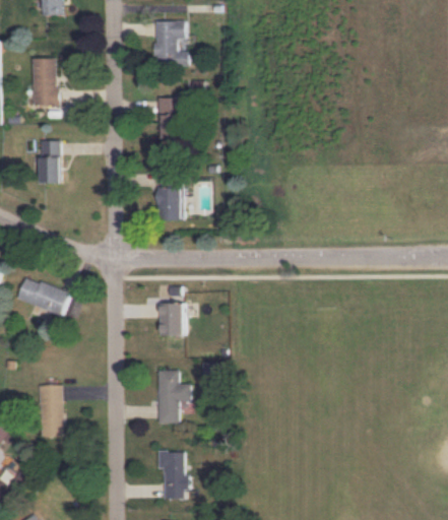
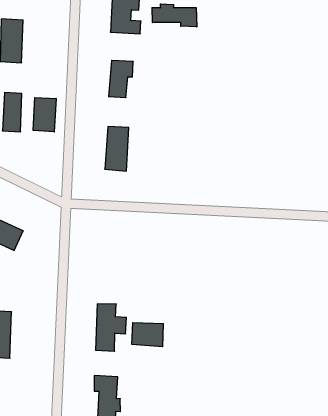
building: none -> [152,4,197,27]
building: none -> [33,98,56,132]
building: [158,303,184,335] -> none
building: none -> [132,323,163,347]

